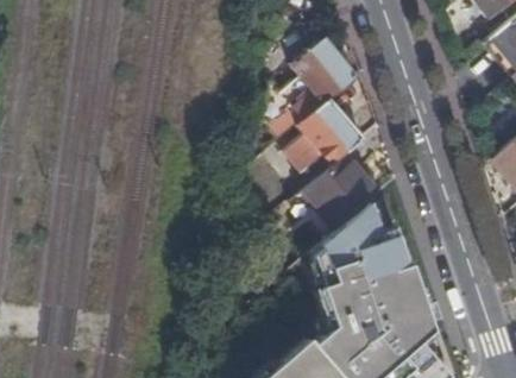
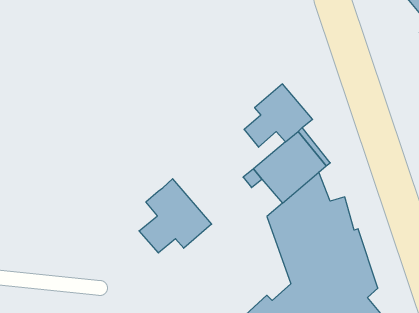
building: [262,38,354,139] -> none
building: none -> [139,179,212,253]

